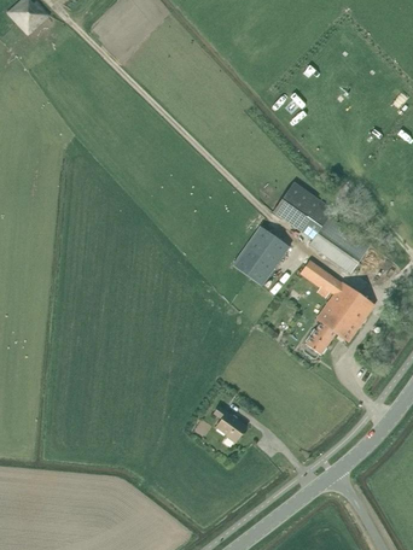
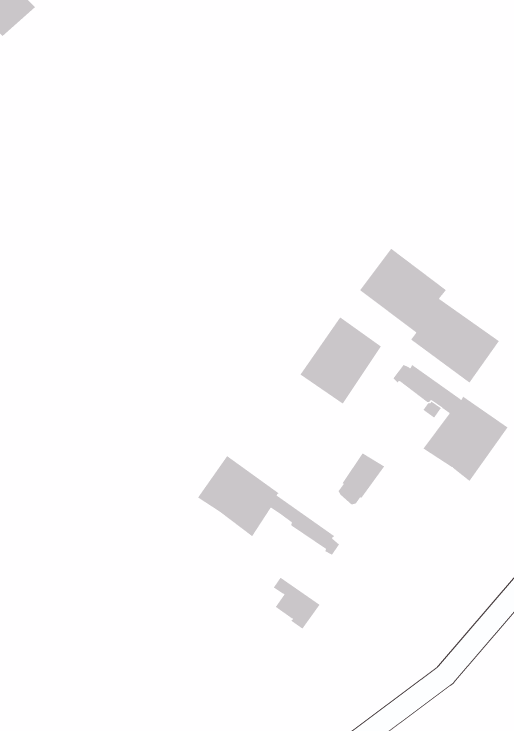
building: [304,321,337,357] -> [338,452,385,505]
building: none -> [197,455,340,556]

